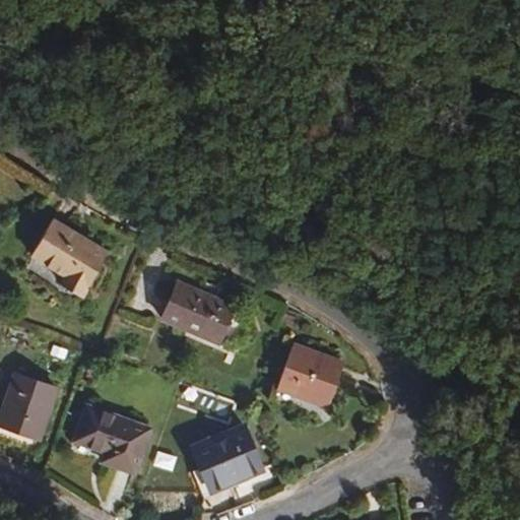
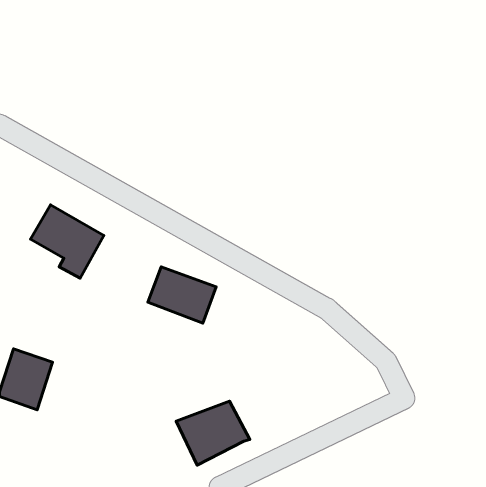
building: [275,343,344,406] -> none
building: [75,406,146,469] -> none

